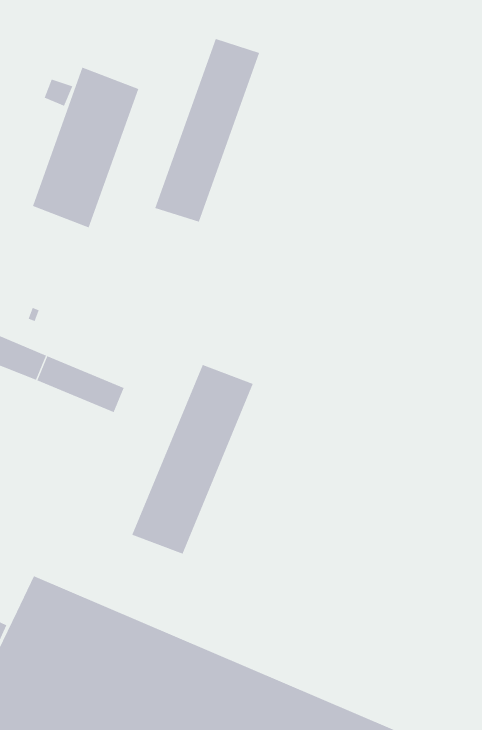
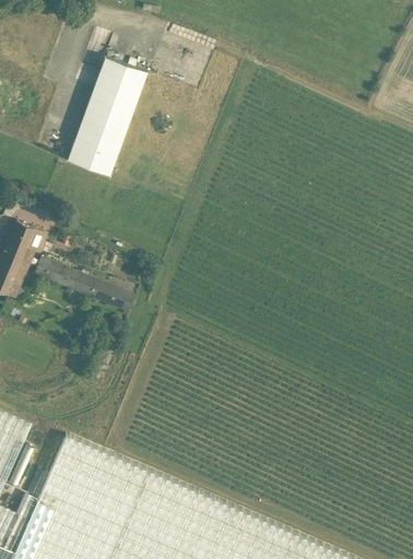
building: [155,38,260,223] -> none
building: [132,364,254,554] -> none

